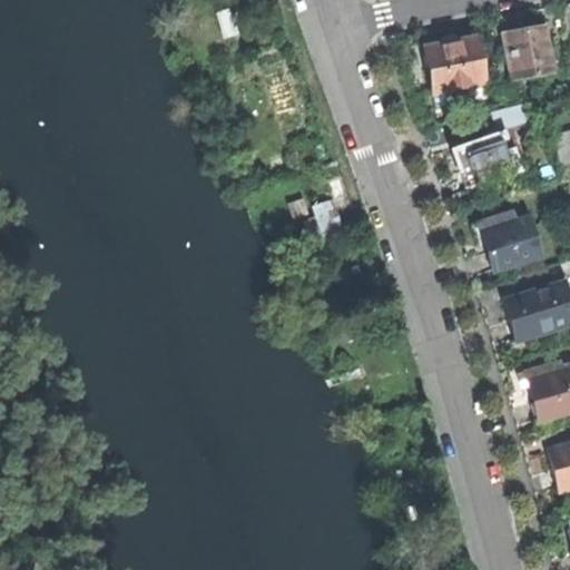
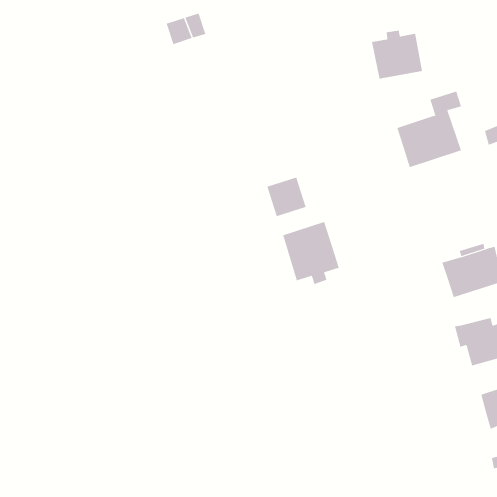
building: [504,24,559,79] -> none
building: [483,209,541,269] -> none
building: none -> [283,221,340,285]

